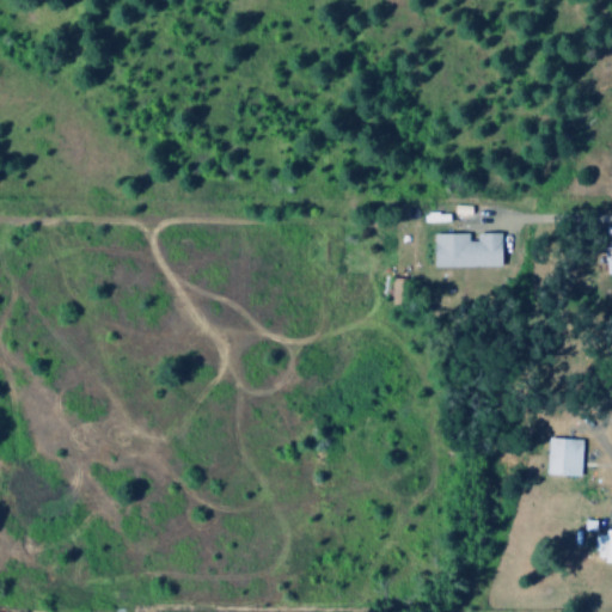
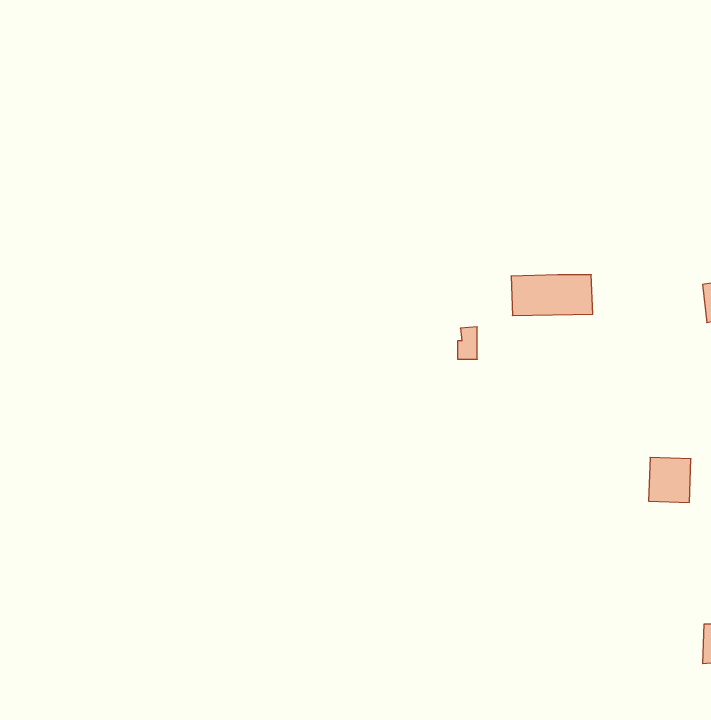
building: [547,437,583,476] -> [649,457,691,502]

